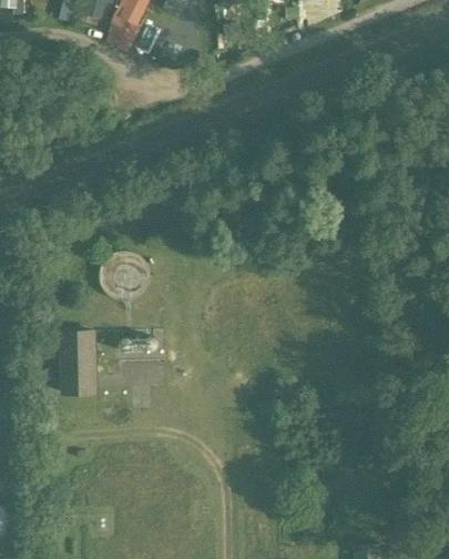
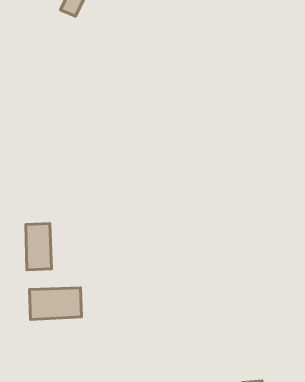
building: none -> [29,288,81,320]

